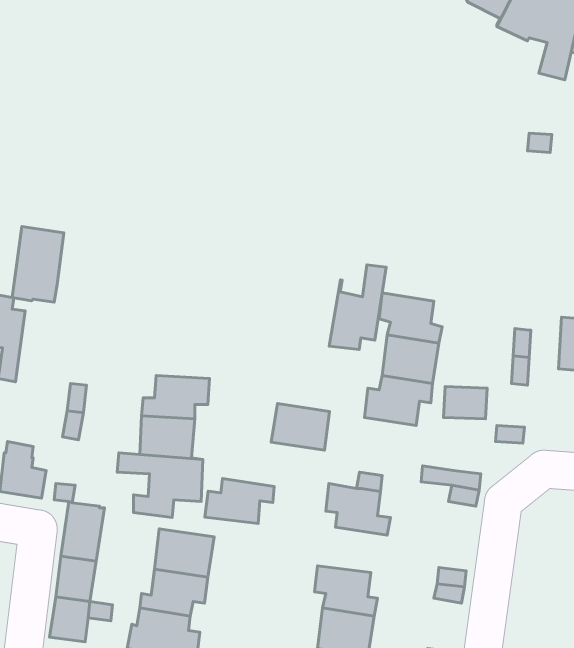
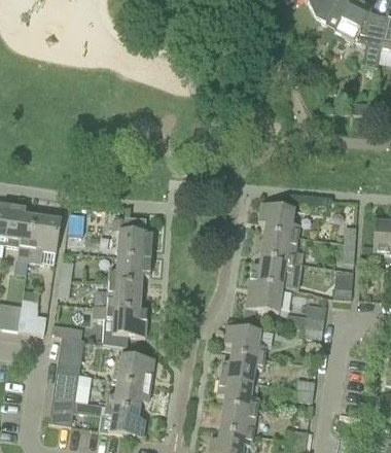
building: [12,226,64,302] -> [28,215,61,264]
building: [329,265,386,350] -> none
building: none -> [112,217,153,258]
building: [271,403,329,450] -> [246,283,283,313]
building: [205,478,274,524] -> [220,353,264,382]

